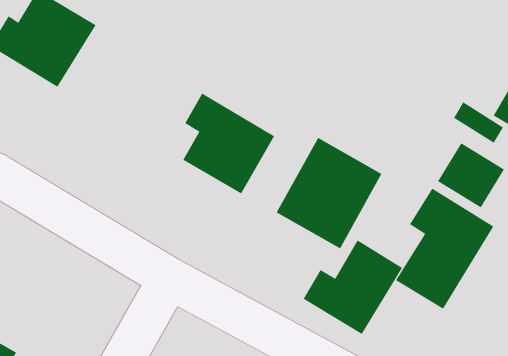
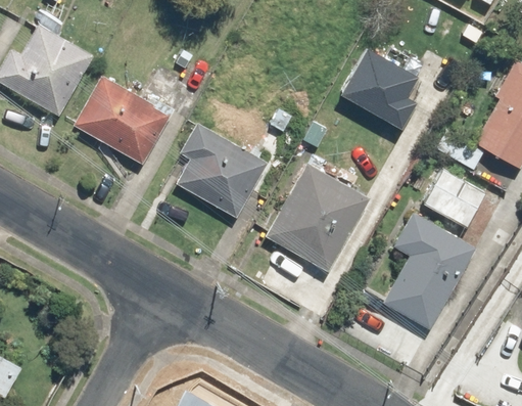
building: none -> [341,45,413,119]
building: none -> [74,77,170,165]
building: [303,240,403,335] -> none

